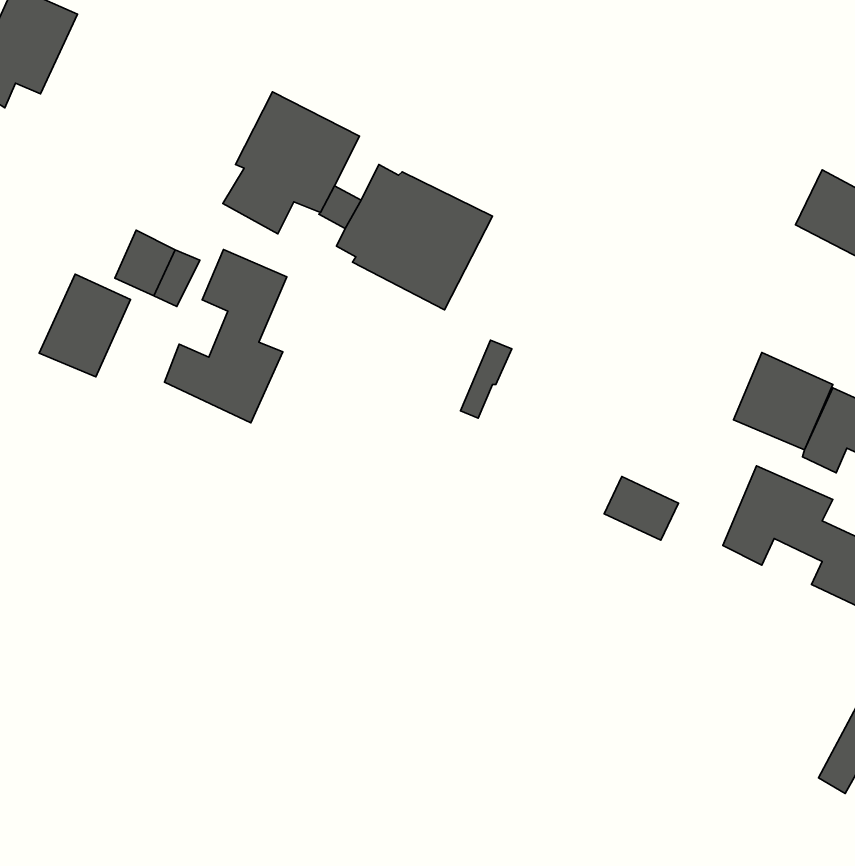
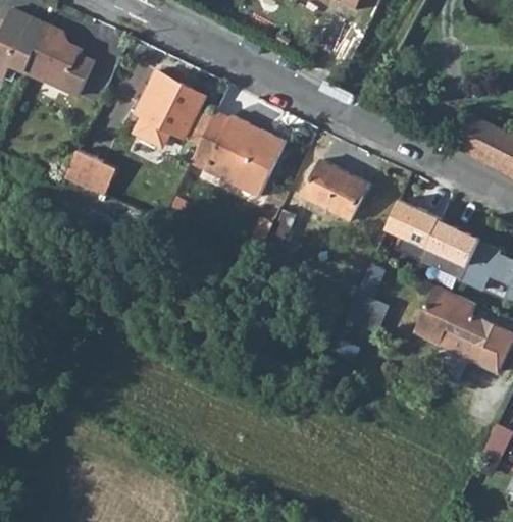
building: none -> [23,25,94,96]
building: [164,249,287,423] -> none
building: none -> [303,161,367,220]
building: [39,274,131,377] -> none
building: none -> [383,198,440,262]

